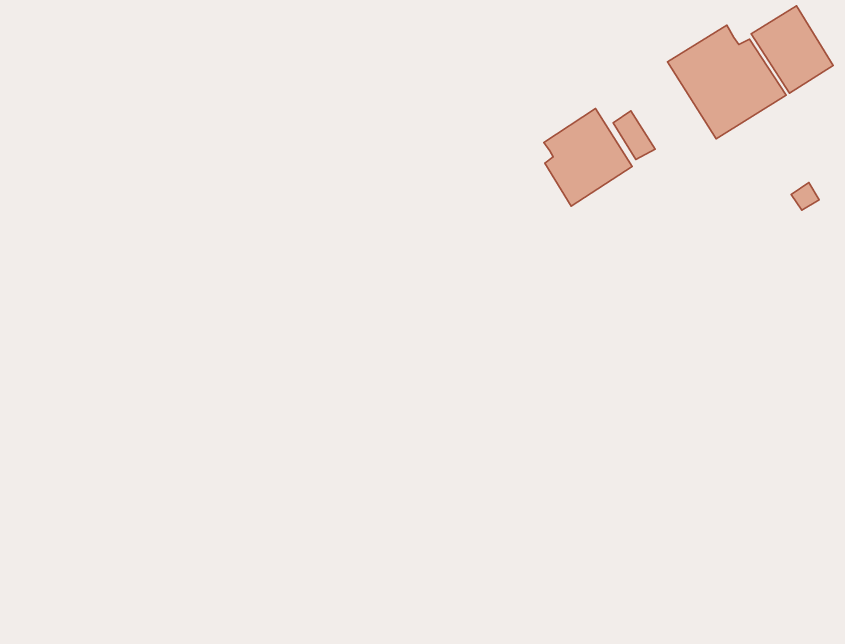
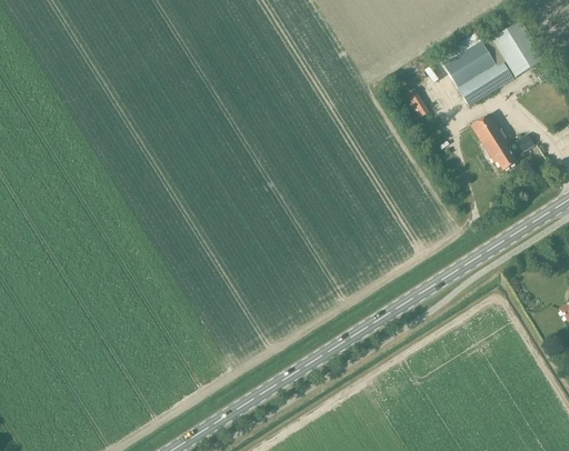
building: [544,109,632,206] -> none
building: none -> [472,114,518,171]

